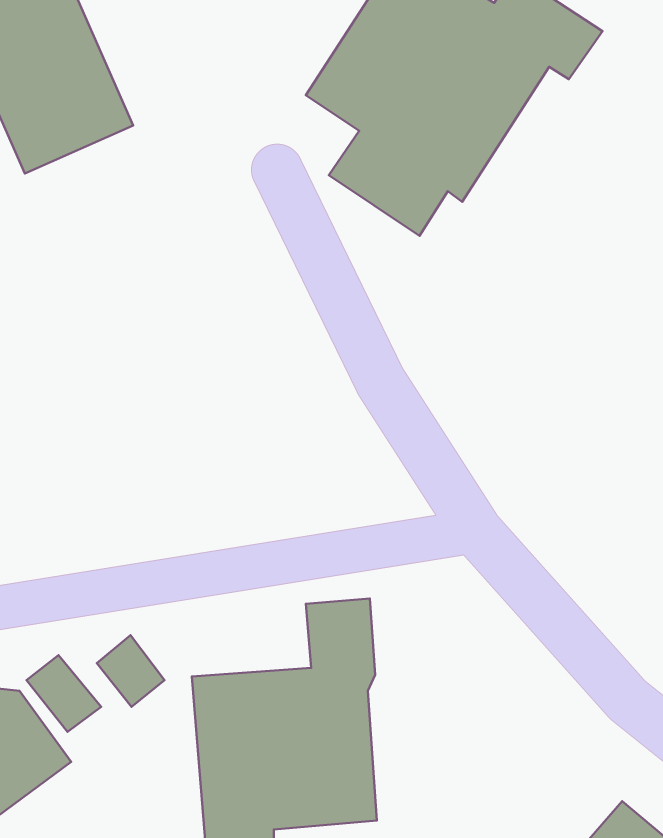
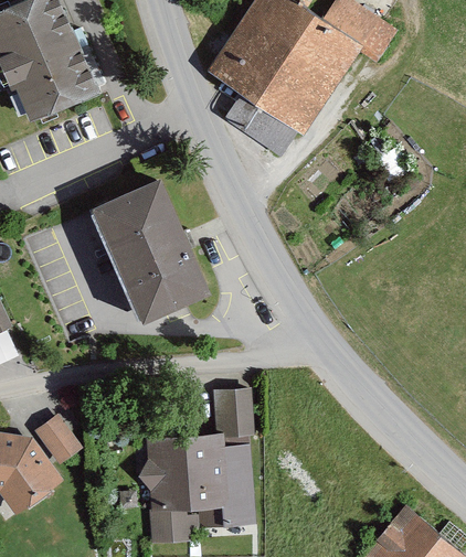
building: none -> [91,173,203,310]
building: [97,635,164,707] -> none

